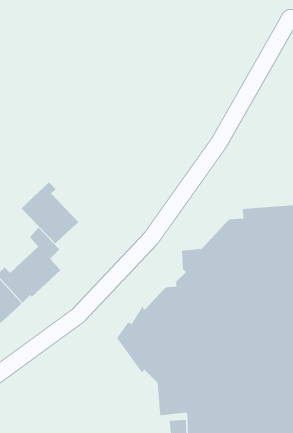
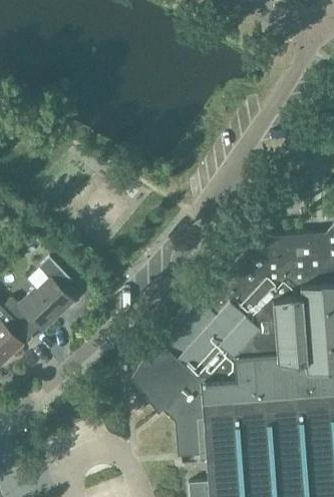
building: [21,181,79,244] -> none

